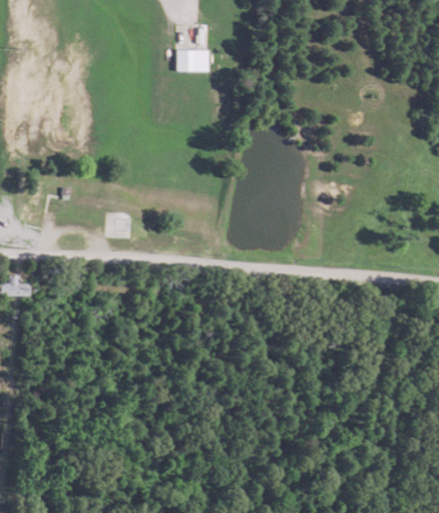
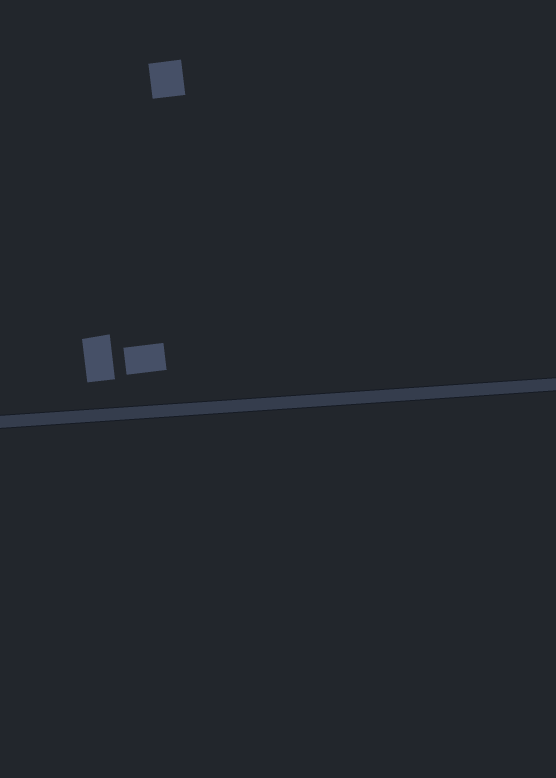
building: none -> [123,342,167,375]

